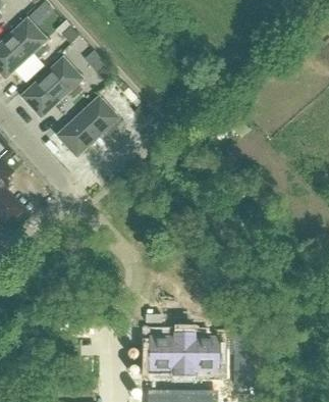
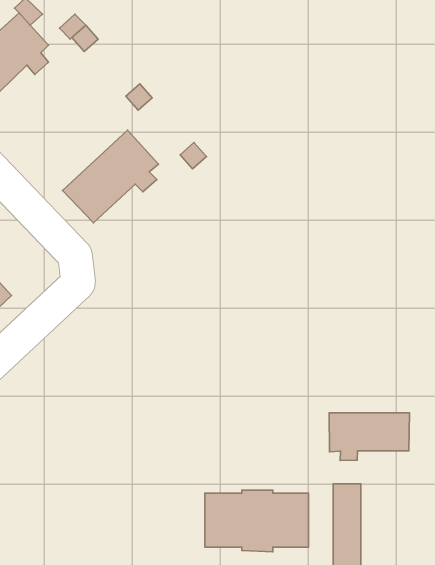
building: [19,57,83,118] -> none
building: none -> [329,413,409,461]

